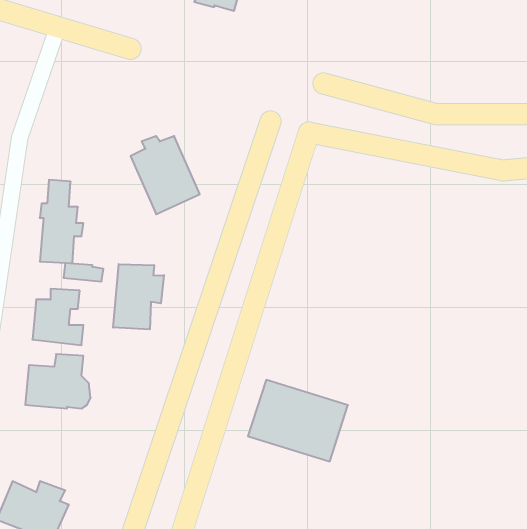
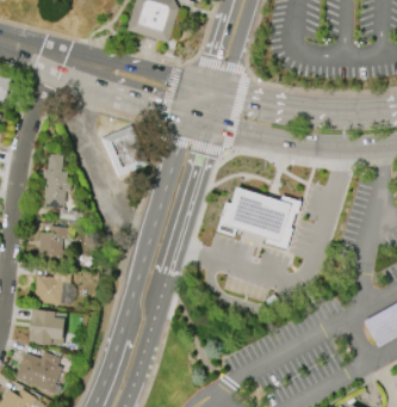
building: [113,264,164,329] -> none
building: [248,380,348,461] -> [223,187,289,241]
building: none -> [27,308,66,345]

